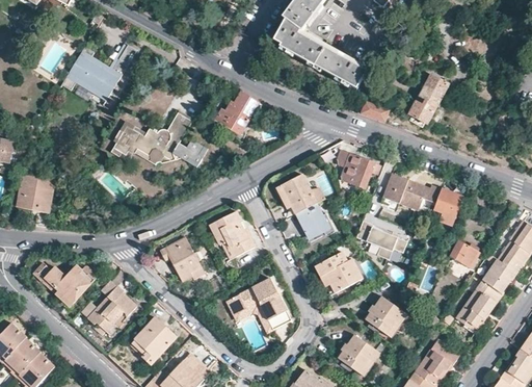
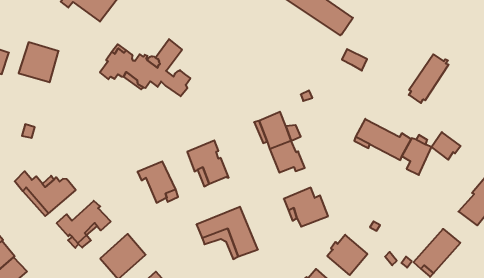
building: [408,75,447,127] -> [409,54,449,103]
building: [217,92,260,134] -> none
building: [337,149,380,188] -> none
building: [17,172,56,211] -> [19,42,59,82]
building: [356,220,407,259] -> none
building: [451,239,481,267] -> [432,132,461,160]
building: [484,254,518,292] -> none

